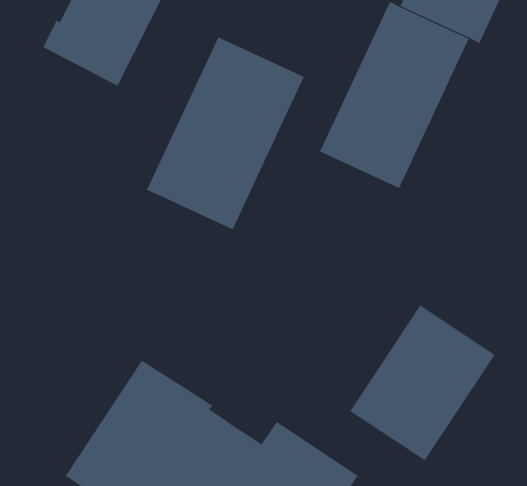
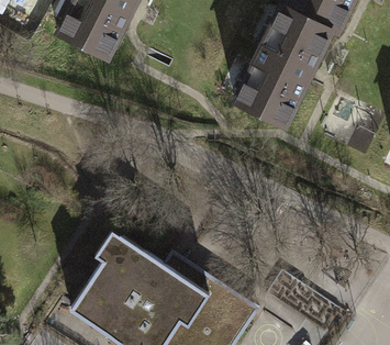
building: [146,36,304,230] -> none
building: [349,305,496,461] -> none

